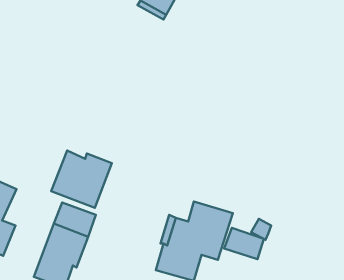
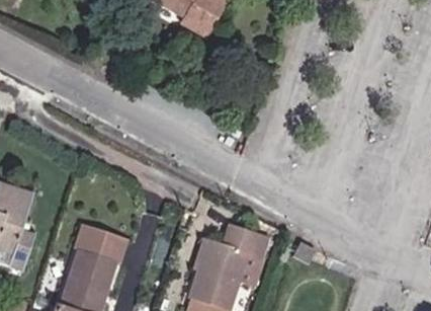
building: [51,151,112,208] -> none
building: [224,228,264,259] -> none

